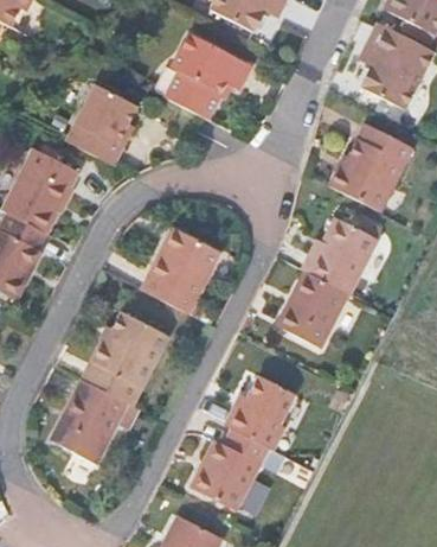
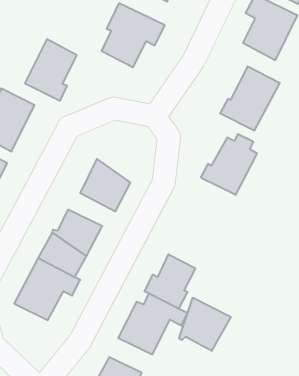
building: [162,231,220,276] -> none
building: [283,271,347,346] -> none
building: none -> [179,298,231,351]

